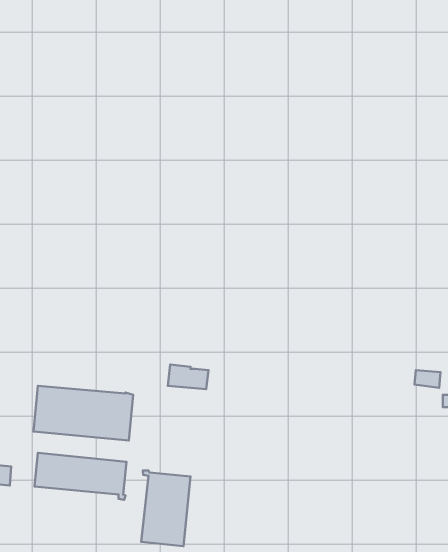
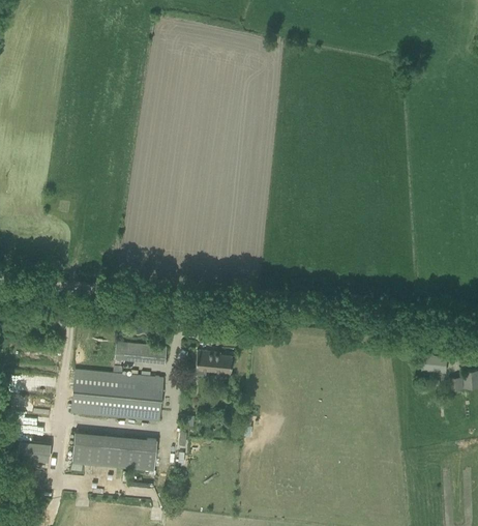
building: none -> [115,343,166,363]
building: [141,470,191,546] -> none

